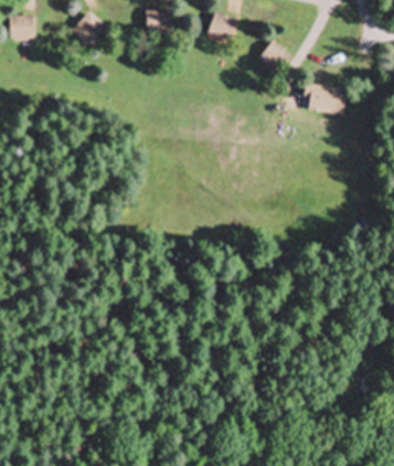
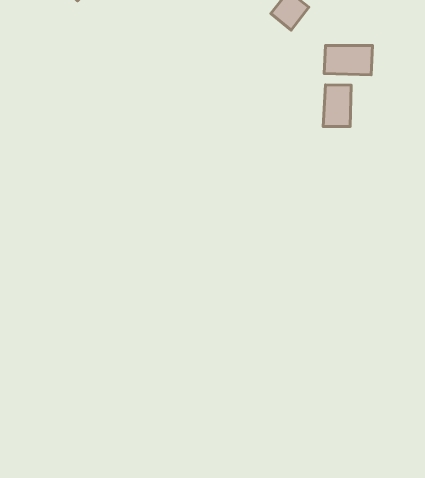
building: none -> [323,85,351,127]

